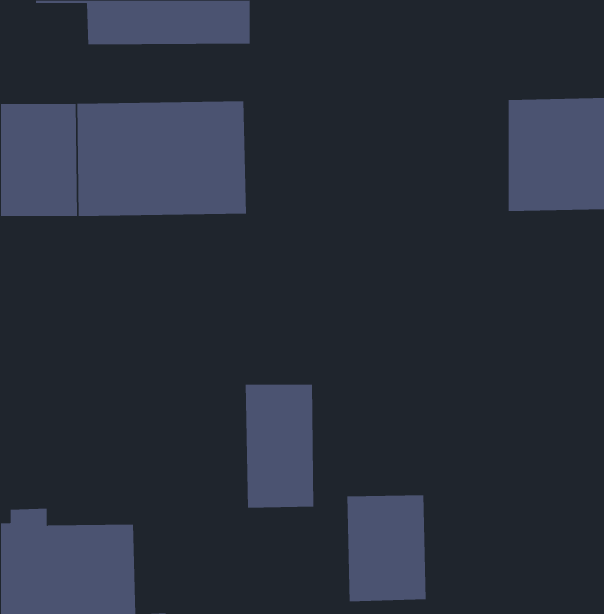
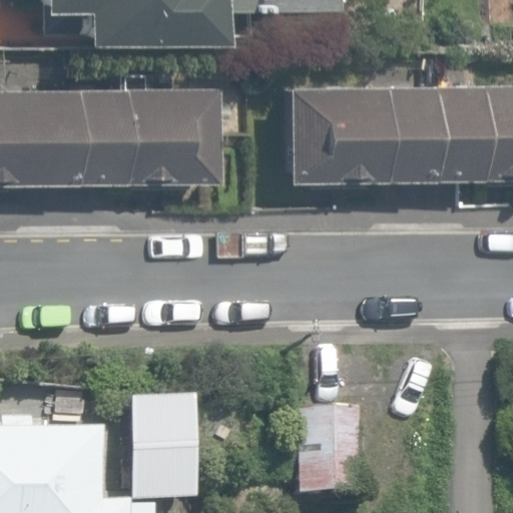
building: none -> [292,88,433,183]
building: [245,384,314,508] -> [130,401,187,503]

